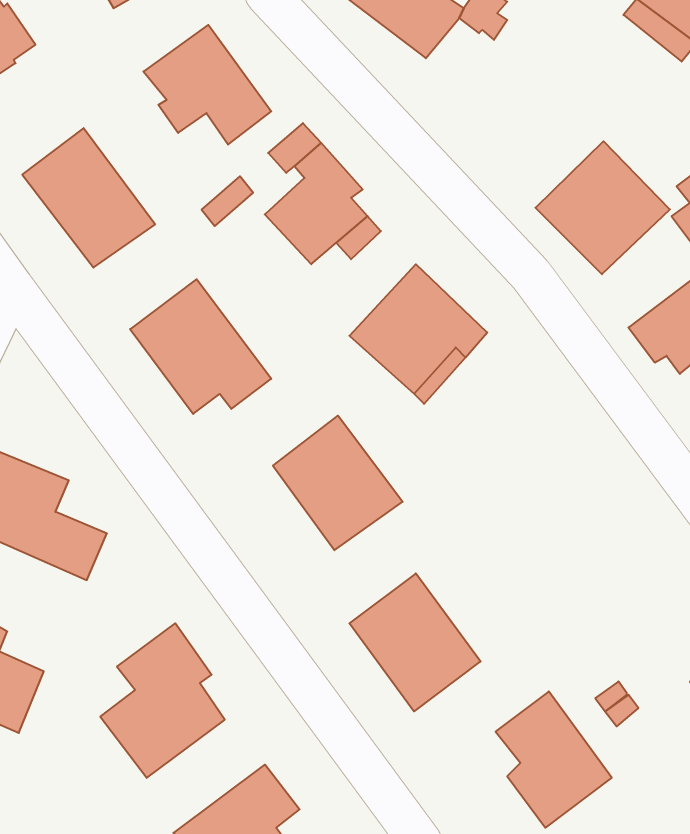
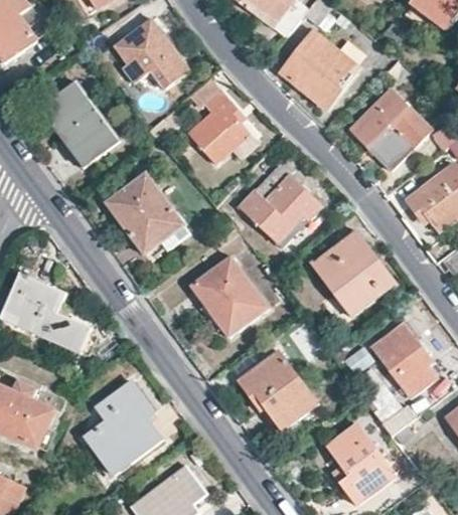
building: none -> [280,28,356,106]
building: none -> [311,230,396,316]
building: none -> [368,321,437,397]

